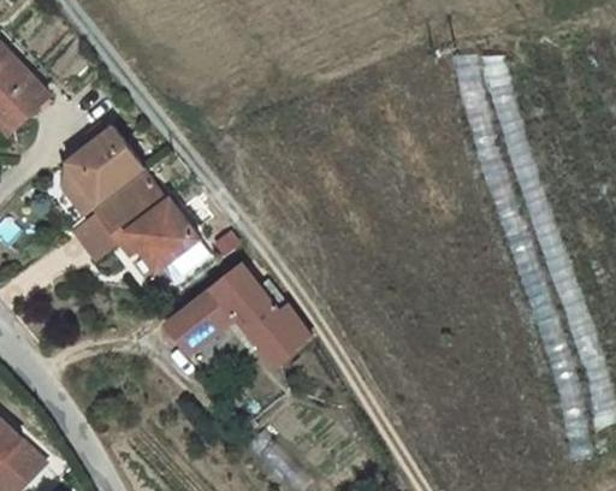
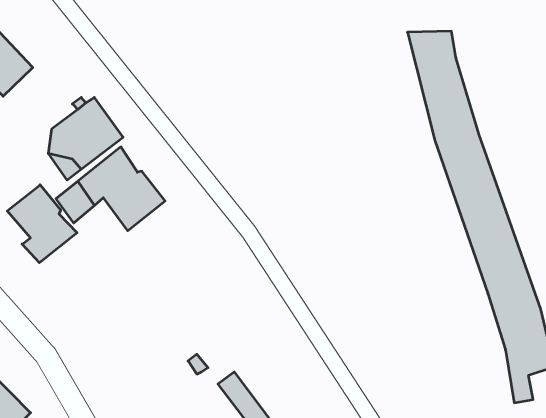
building: none -> [7,185,77,263]
building: [161,265,309,362] -> none

